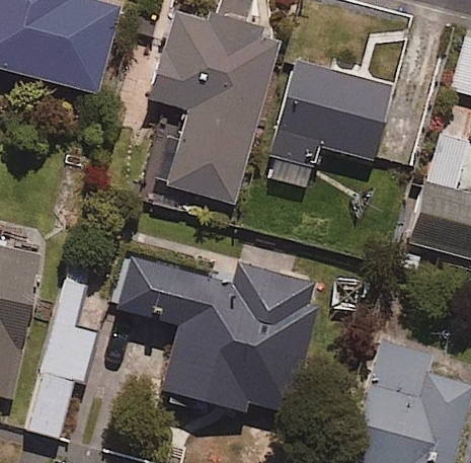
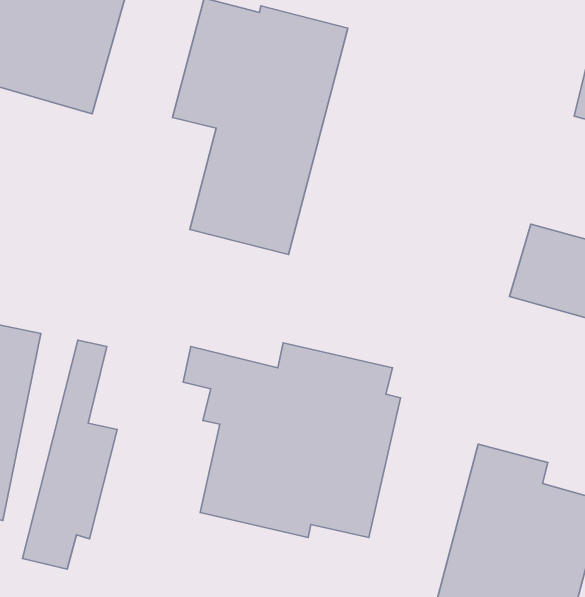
building: [266,50,407,162] -> none

